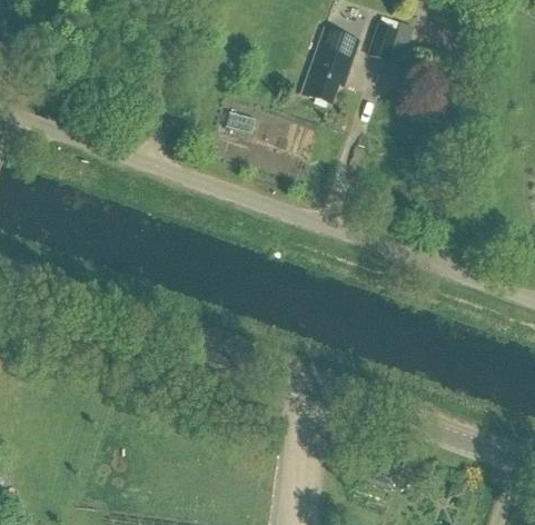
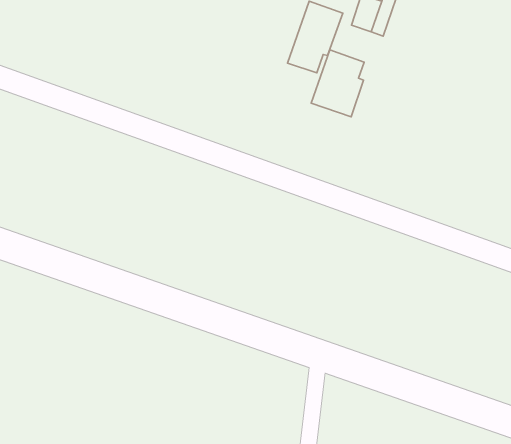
building: none -> [311,50,364,117]

